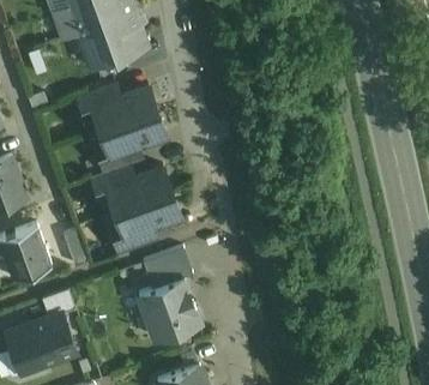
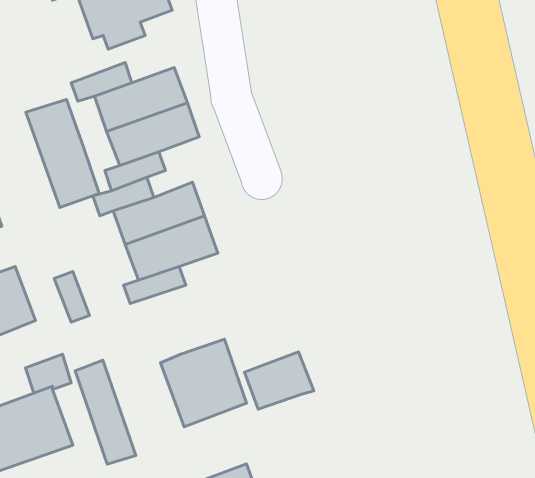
building: none -> [26,100,99,208]
building: [144,249,193,290] -> [245,352,314,409]
building: none -> [75,360,136,464]

